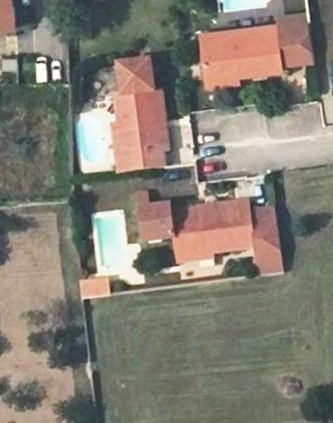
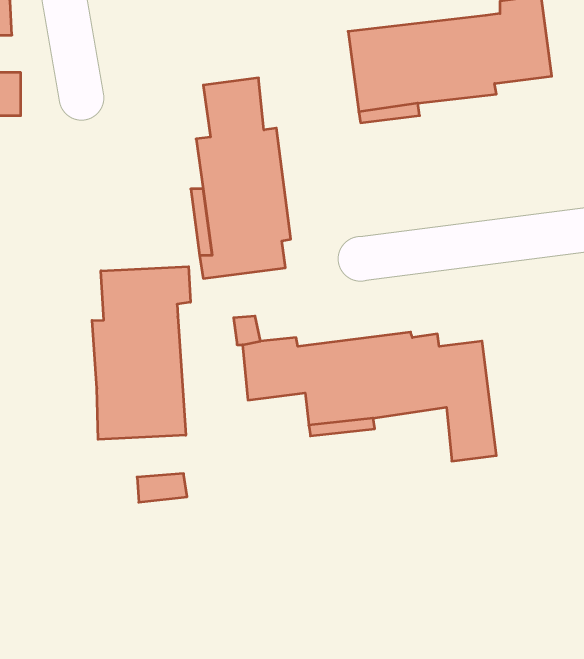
building: none -> [92,267,190,439]

